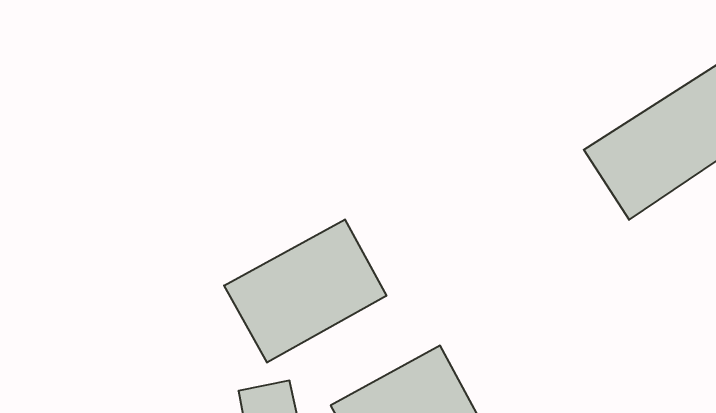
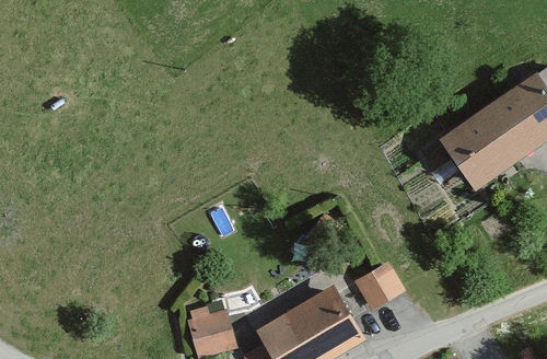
building: [224,219,386,363] -> none
building: none -> [354,262,406,312]

